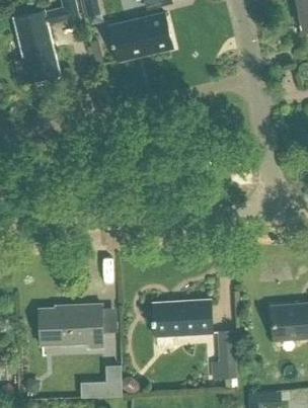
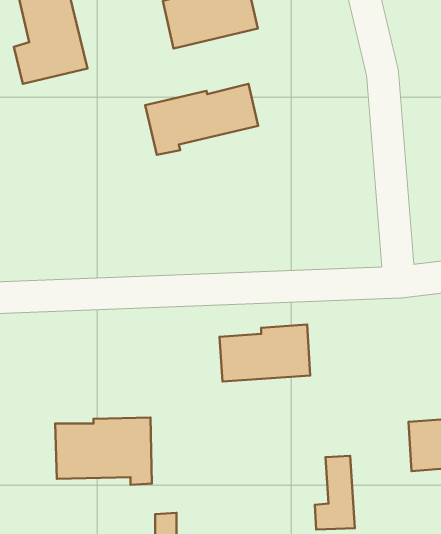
building: none -> [145,84,258,155]
building: [152,300,212,337] -> [220,325,310,382]

